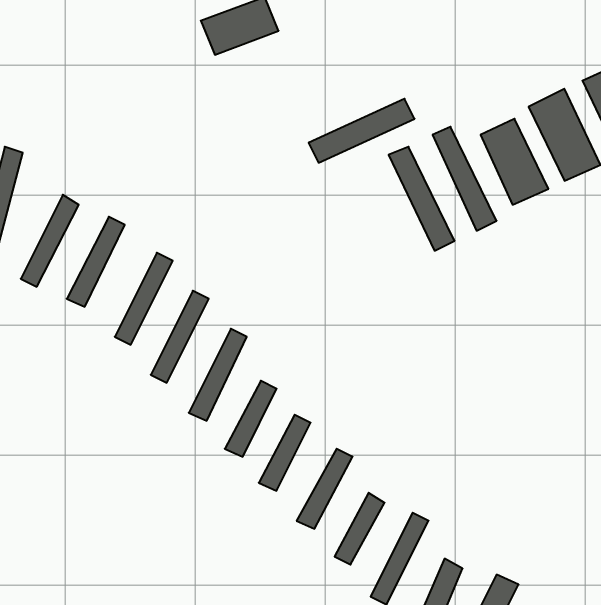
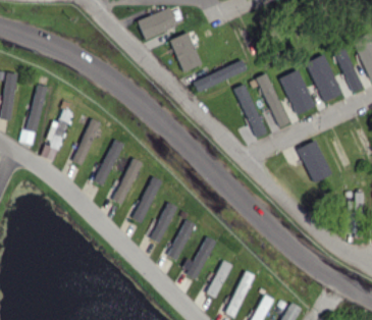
building: none -> [169,32,202,71]
building: none -> [298,140,331,182]

